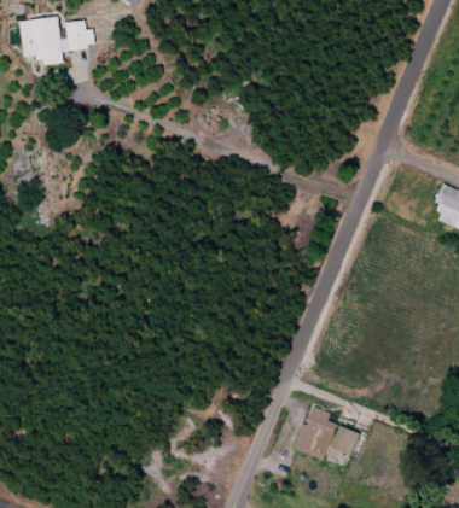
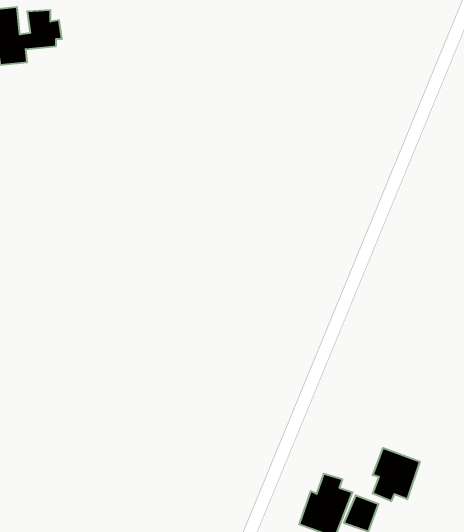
building: none -> [373,448,420,501]

